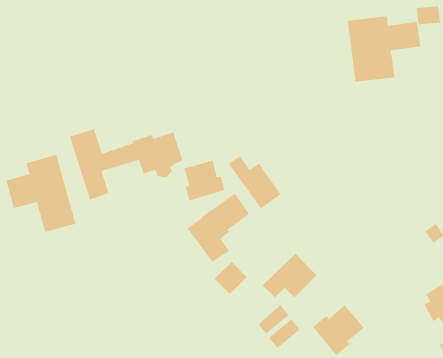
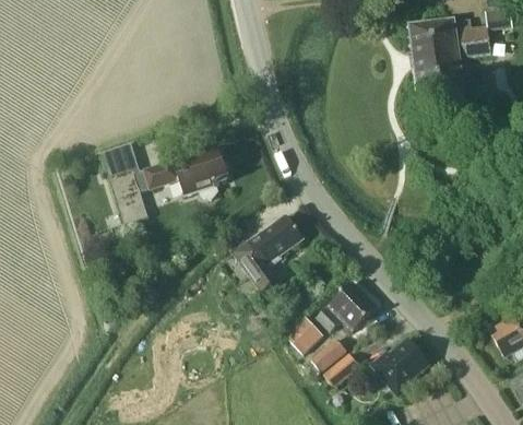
building: [6,154,76,233] -> none
building: [228,155,282,210] -> none
building: [183,160,226,201] -> none
building: [214,261,248,295] -> [285,317,322,354]

